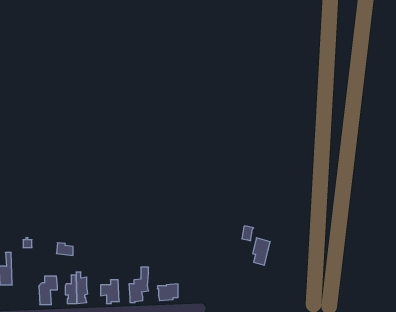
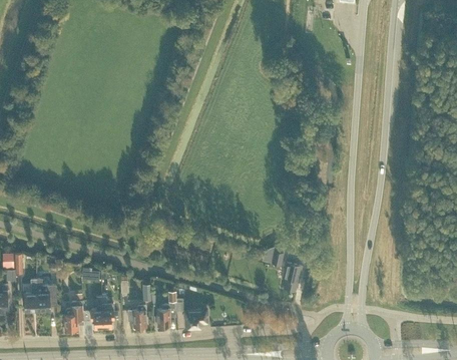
building: none -> [36,277,56,310]

